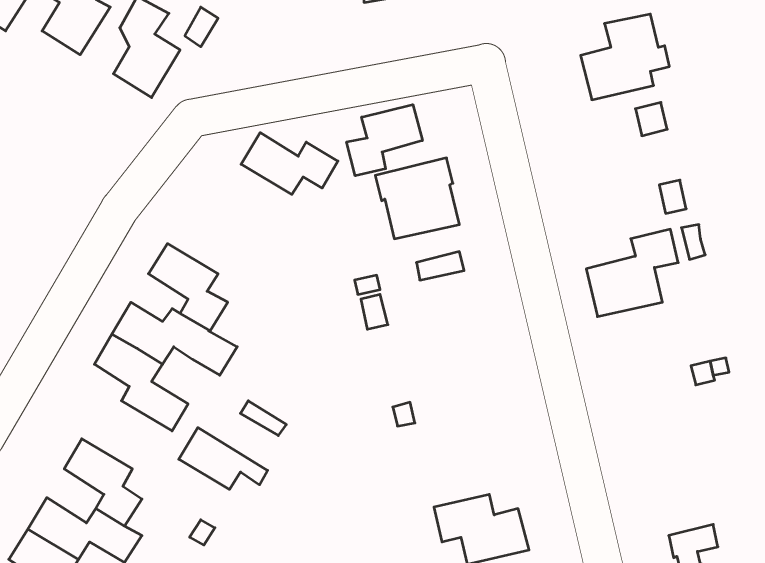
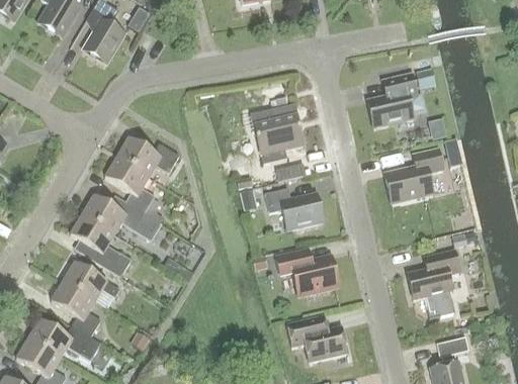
building: [581,14,669,100] -> [366,73,423,127]
building: [347,105,422,176] -> none
building: [241,133,338,194] -> [116,136,178,176]
building: none -> [264,187,322,228]
building: none -> [274,249,337,294]
building: none -> [407,250,458,318]
building: [179,428,268,489] -> [62,261,118,300]

